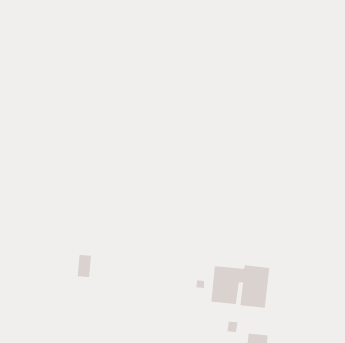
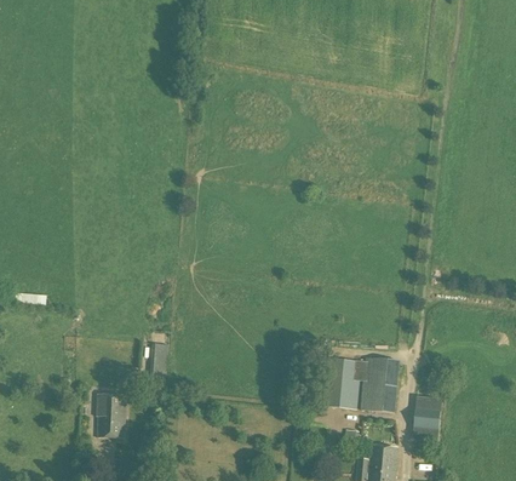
building: none -> [96,394,125,437]
building: none -> [413,408,440,440]

